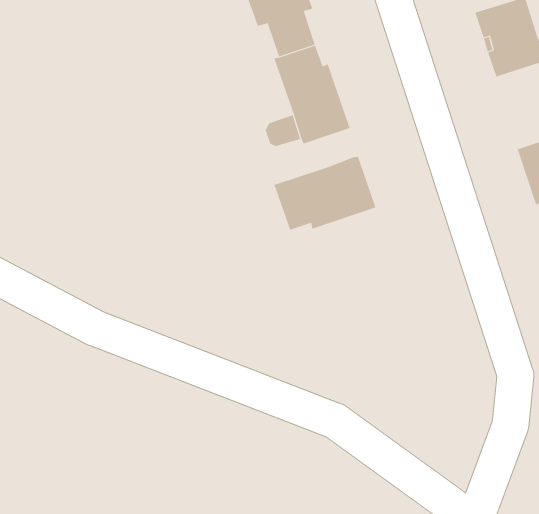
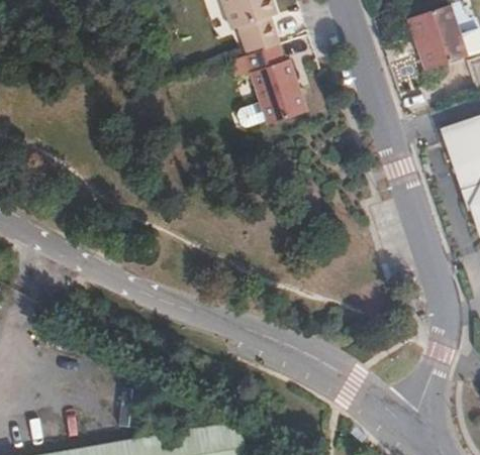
building: [273,156,376,230] -> none

